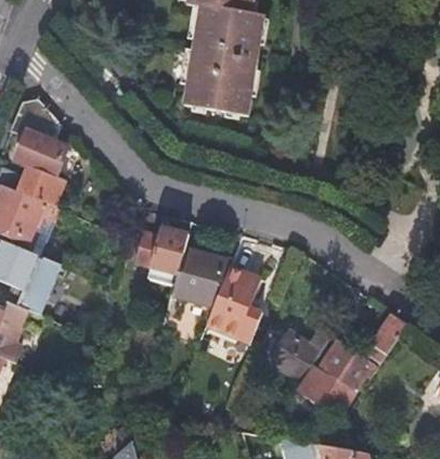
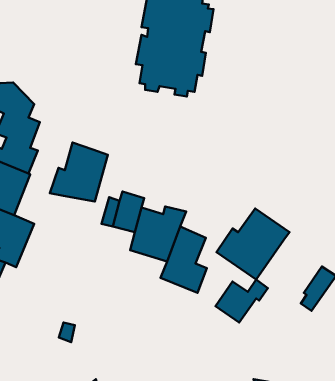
building: none -> [50,143,108,201]
building: [293,341,376,422] -> [216,209,290,280]

